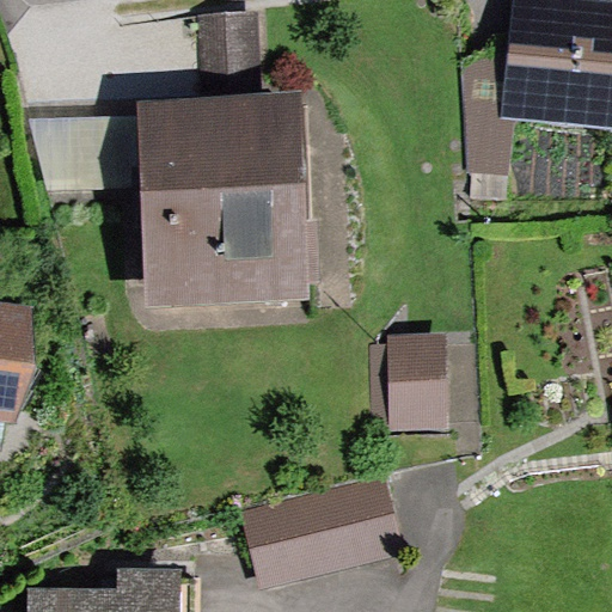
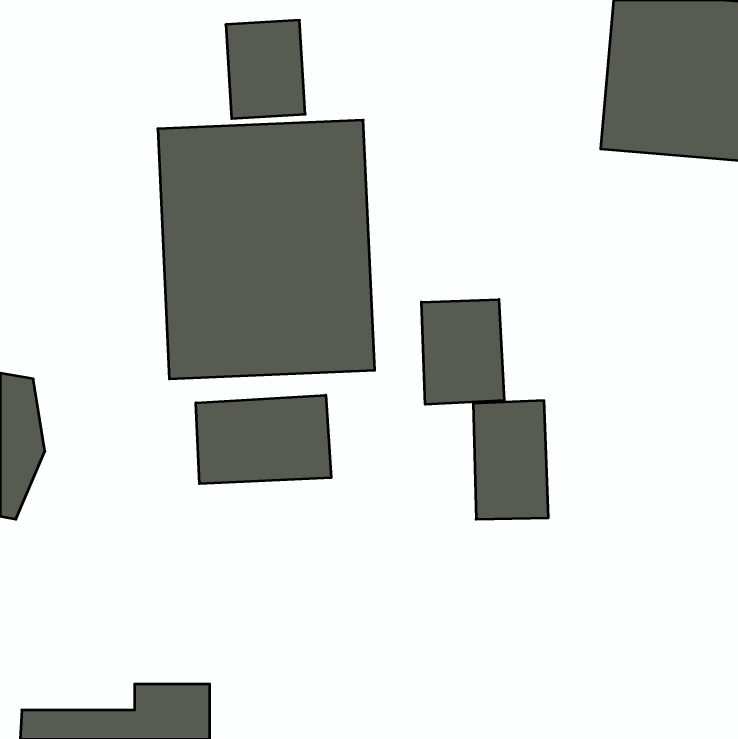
building: none -> [421,299,504,404]
building: none -> [196,395,331,484]
building: [241,472,405,588] -> none

